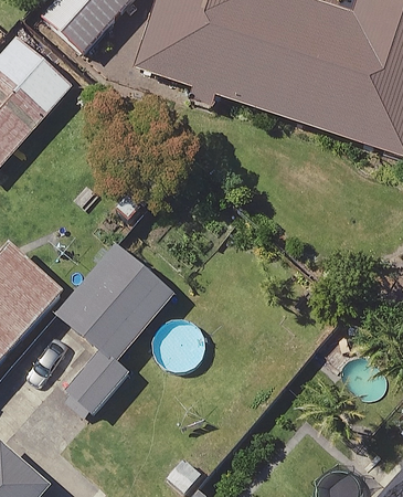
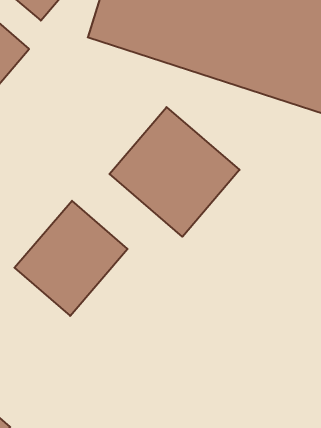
building: none -> [109,107,240,237]

